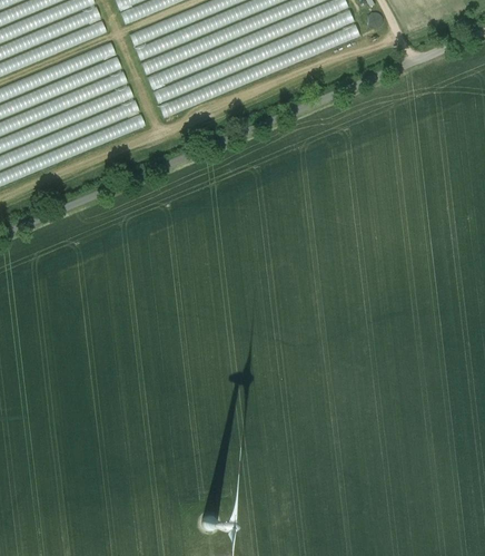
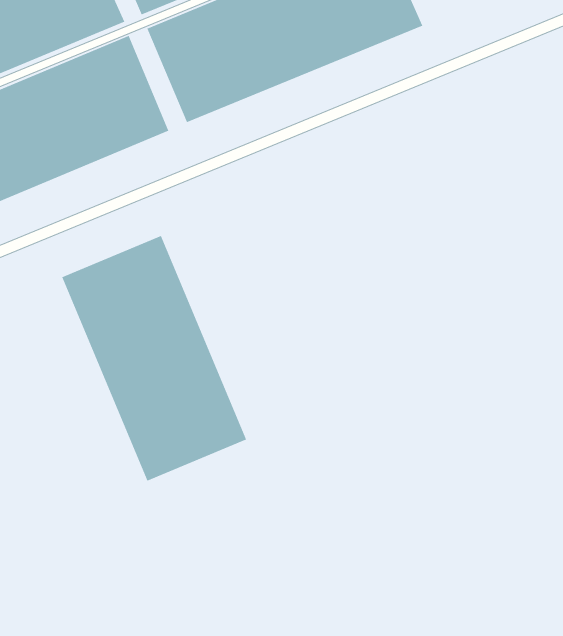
building: none -> [62,235,247,482]

